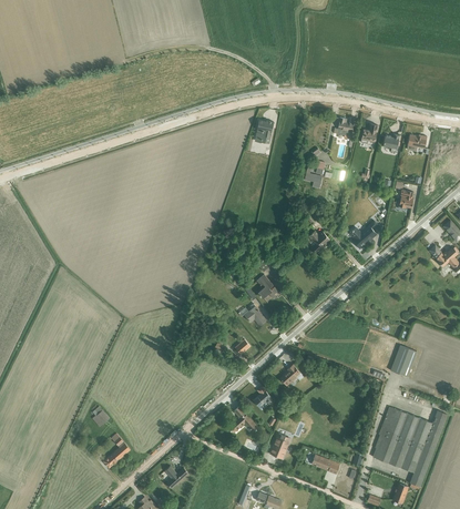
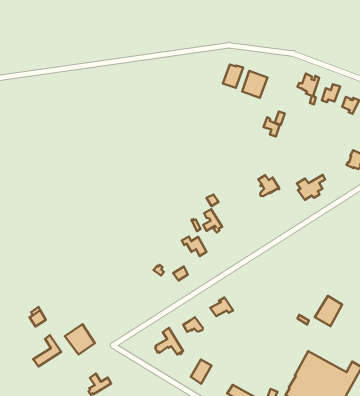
building: none -> [242,71,267,98]
building: none -> [65,324,95,355]

